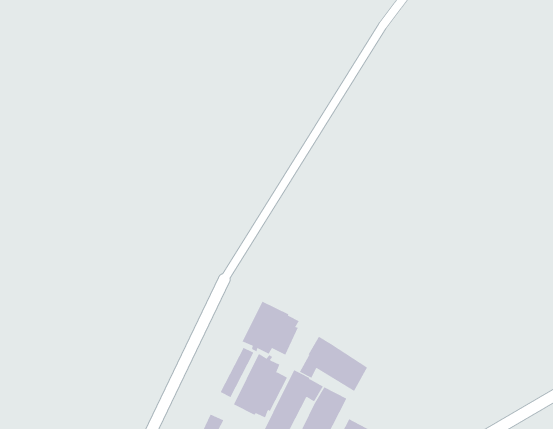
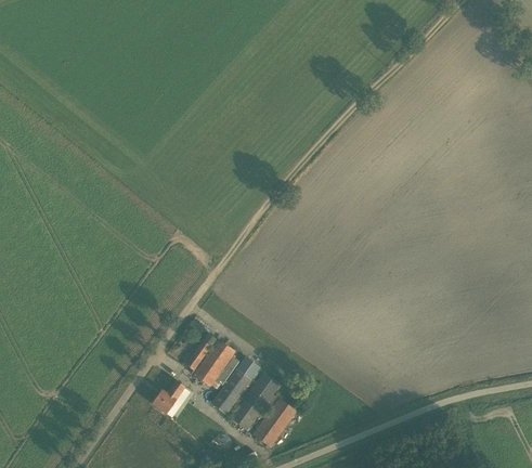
building: [242,301,300,355] -> none
building: [299,336,368,392] -> none

